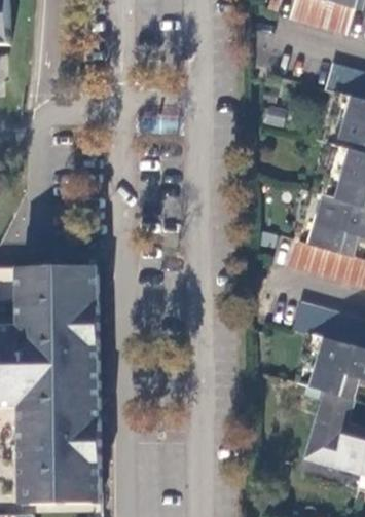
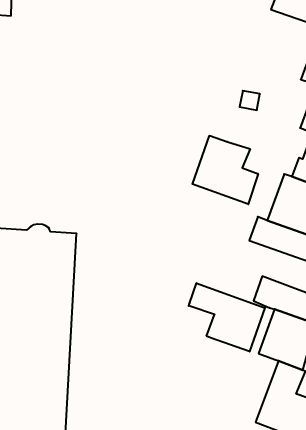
building: none -> [192,136,258,204]
building: none -> [189,283,265,352]

